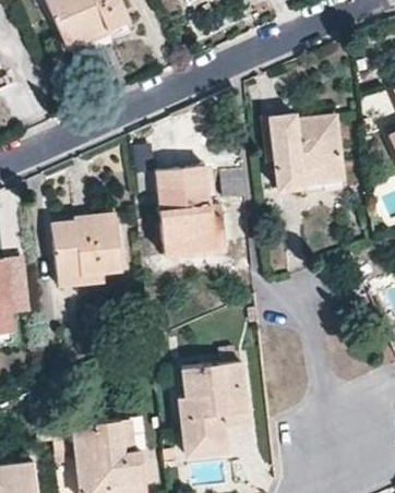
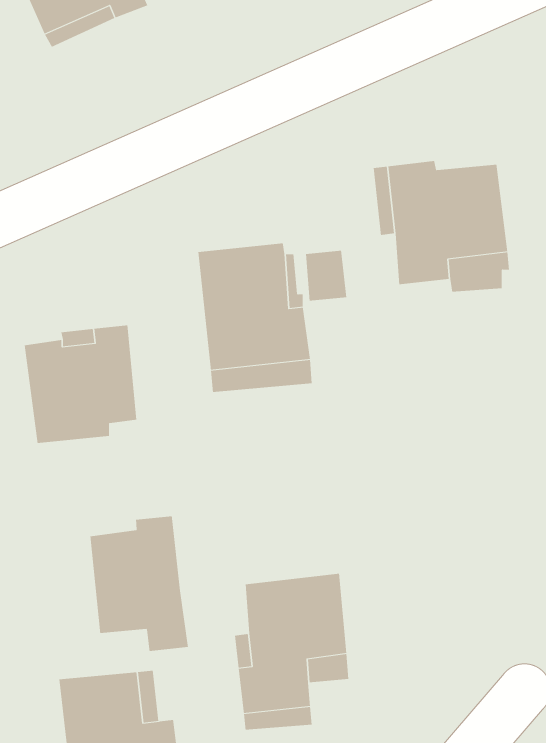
building: none -> [90,515,188,652]

